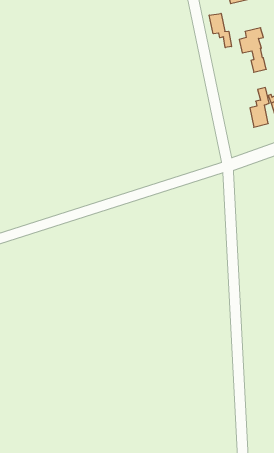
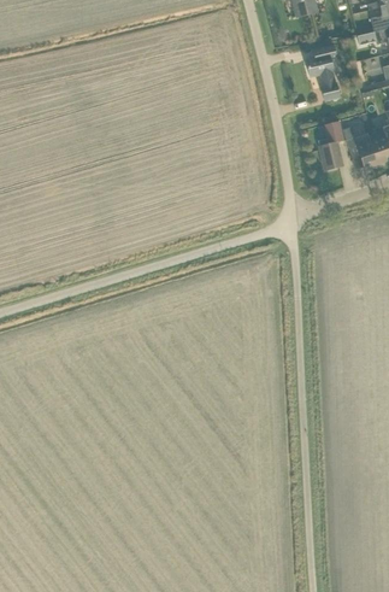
building: [209,13,231,48] -> none

